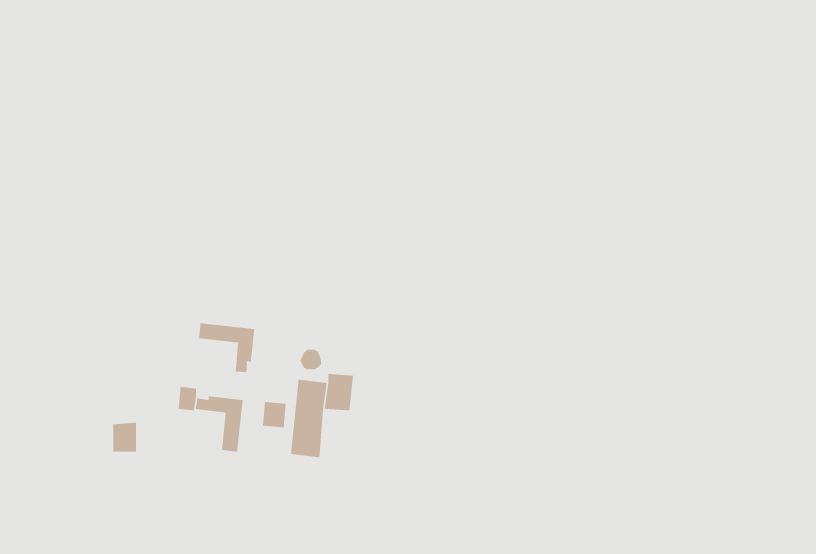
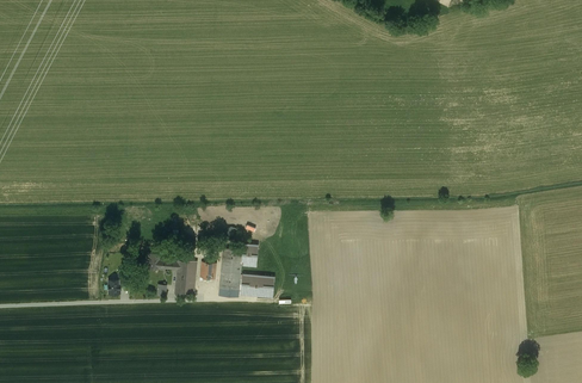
building: [198,322,255,373] -> none
building: none -> [241,274,273,297]

